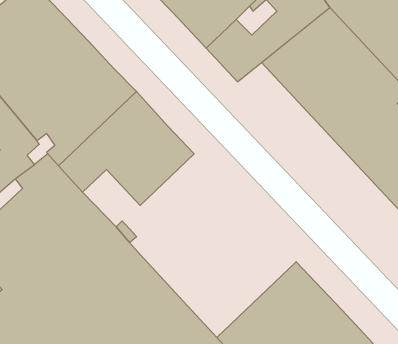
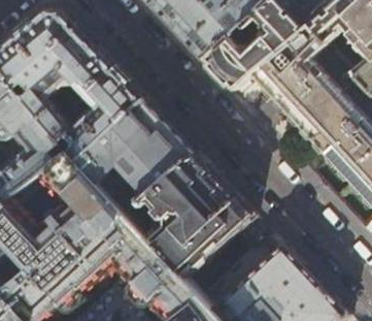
building: none -> [138,151,252,278]

